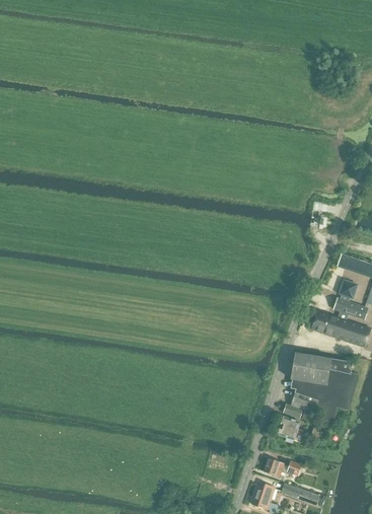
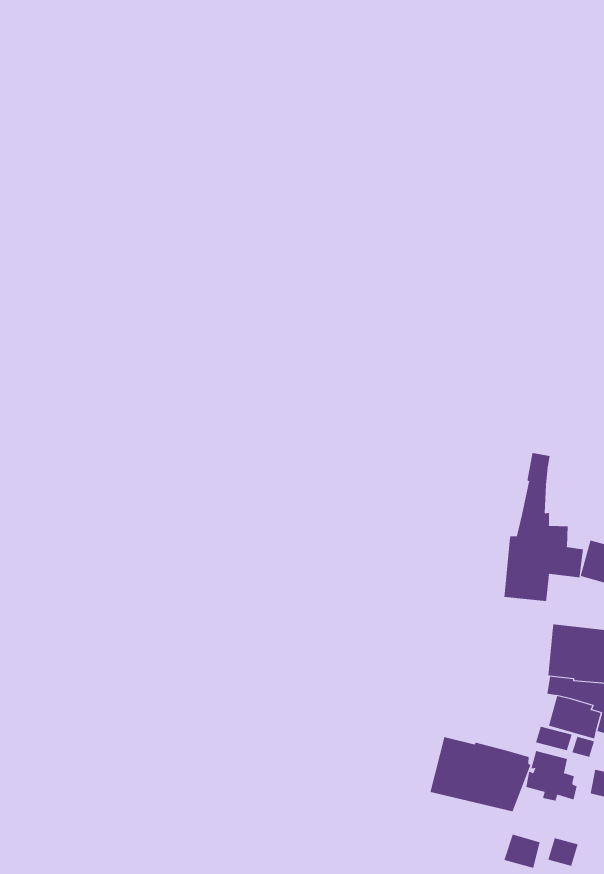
building: none -> [504,452,583,602]
building: none -> [430,736,531,812]

